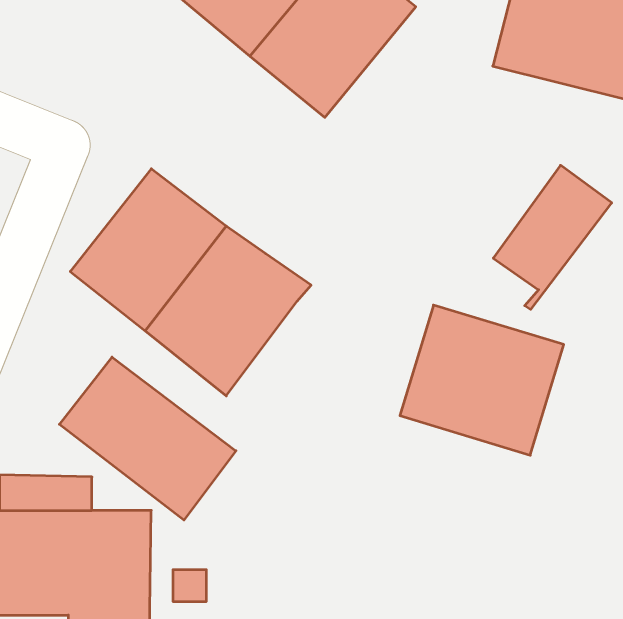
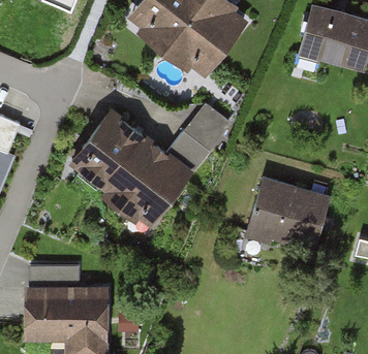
building: [493,165,612,309] -> [173,102,235,178]
building: [59,357,236,520] -> none

